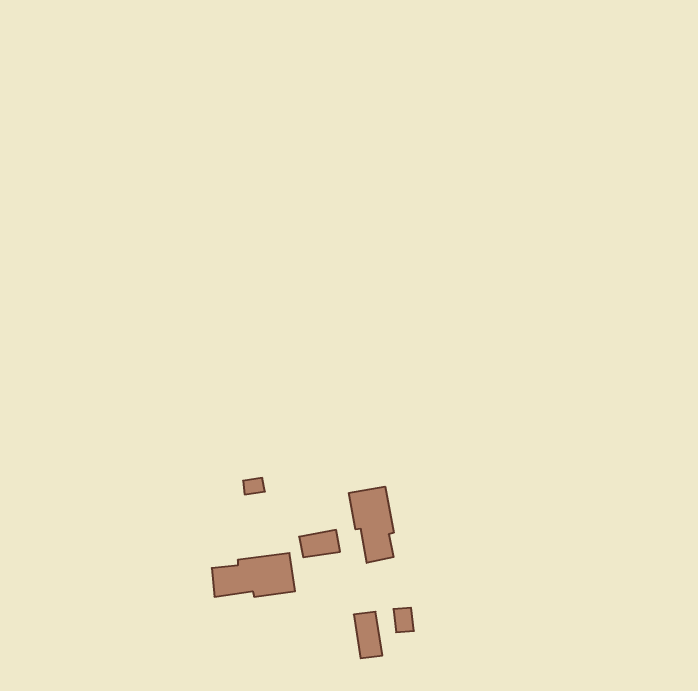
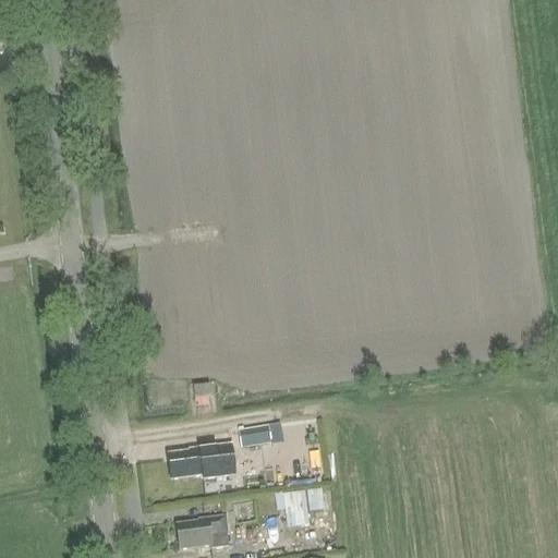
building: [349,487,394,563] -> none
building: none -> [177,514,229,547]

